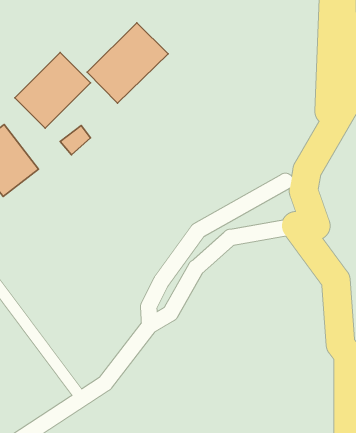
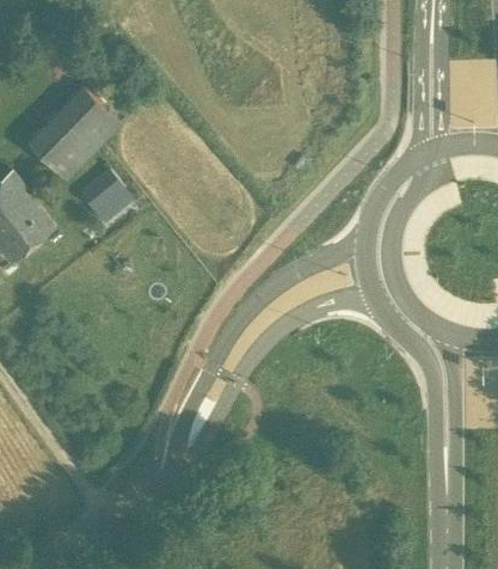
building: [87,23,168,103] -> none

